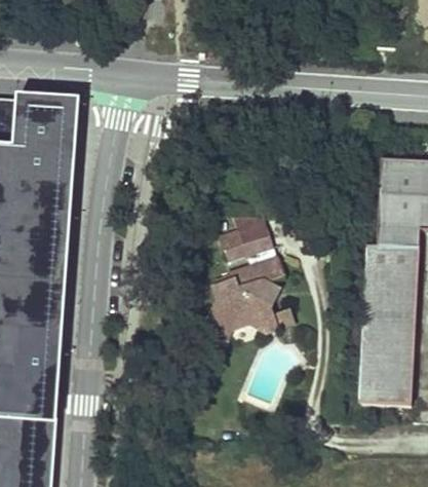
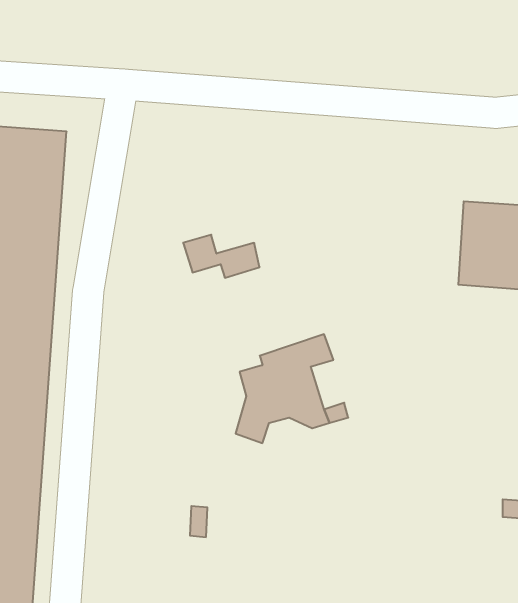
building: [357,221,419,403] -> none
building: [215,229,273,262] -> [183,235,260,278]

